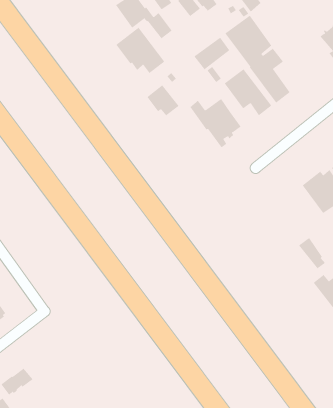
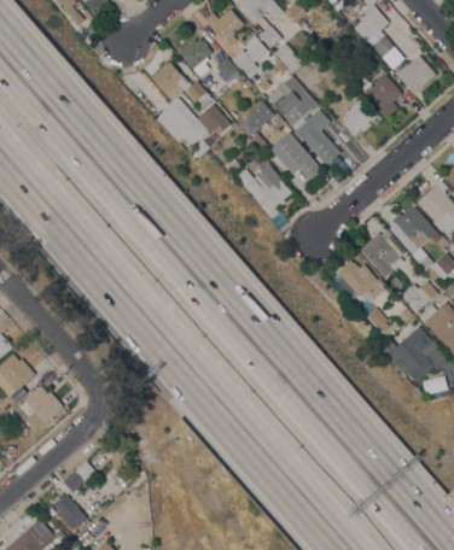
building: none -> [342,100,376,136]
building: [146,85,179,116] -> [197,104,232,136]
building: none -> [338,261,385,305]

